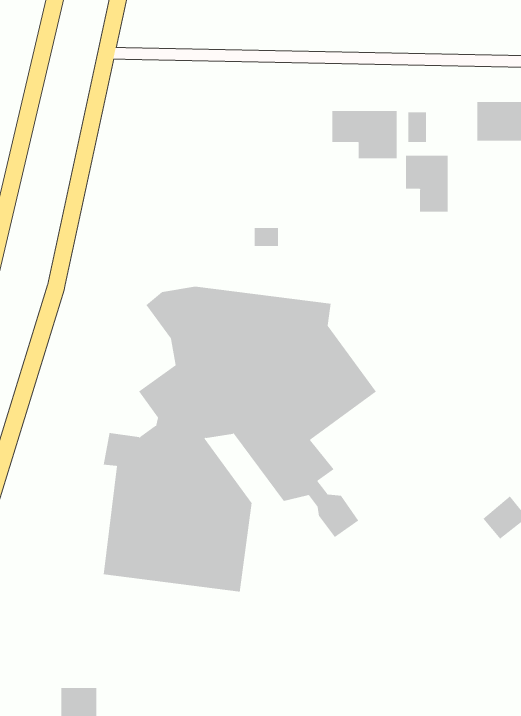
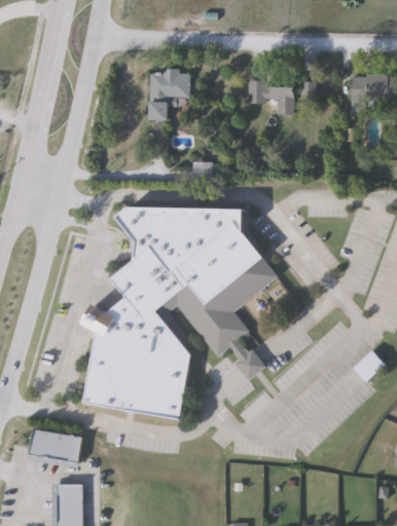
building: none -> [148,71,188,120]
building: [405,155,448,213] -> none
building: none -> [29,430,81,463]

